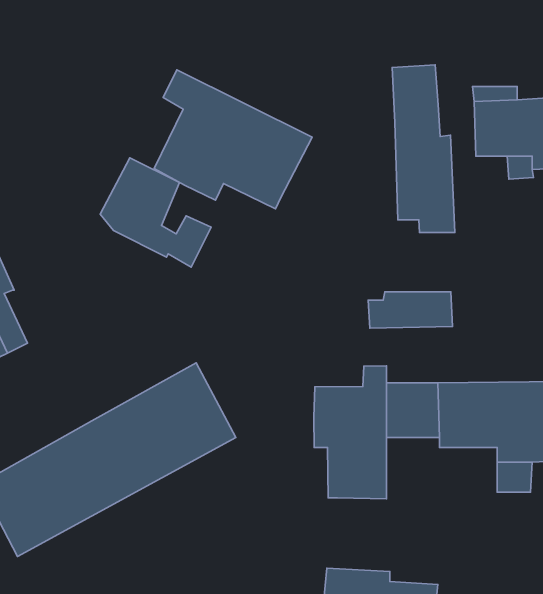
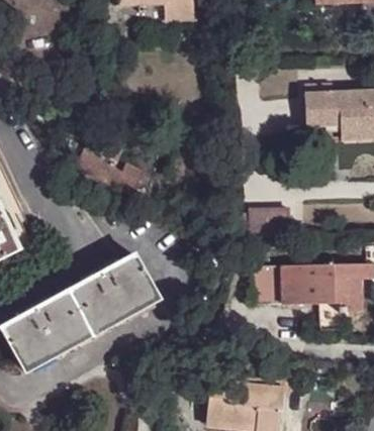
building: [392,65,455,233] -> none
building: [154,70,312,209] -> none
building: [314,366,386,499] -> none

